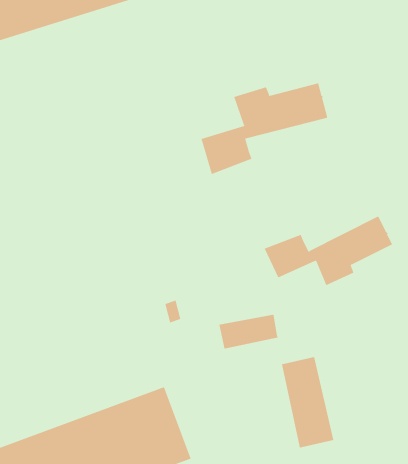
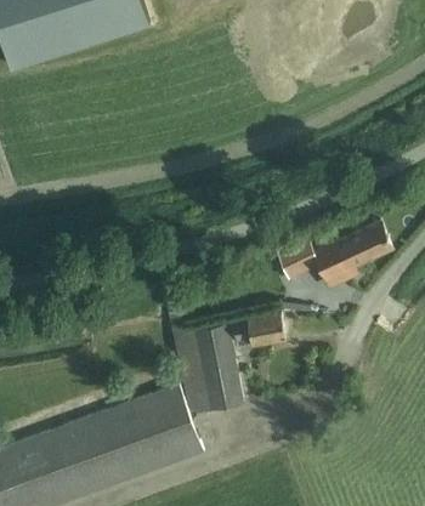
building: [201,83,328,175] -> none
building: [281,356,334,448] -> [189,326,239,413]

